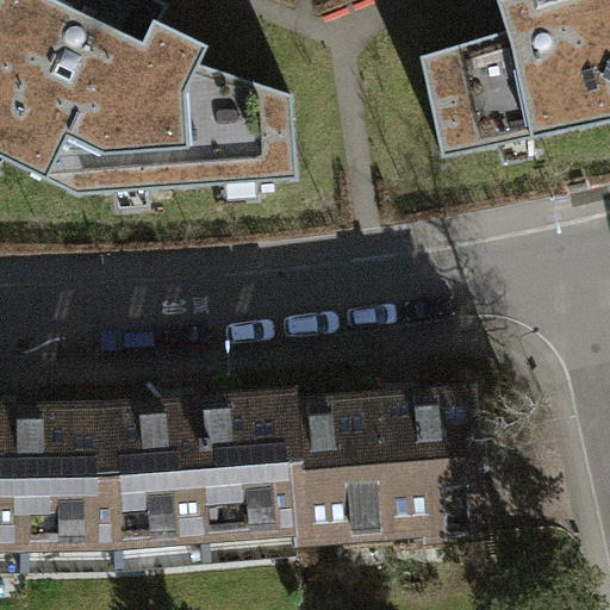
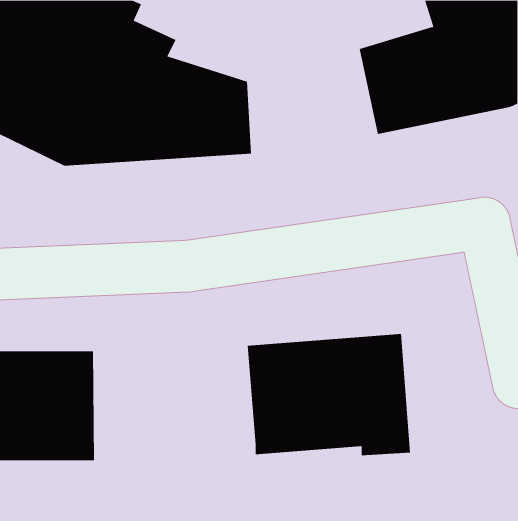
building: [110,394,298,539] -> none

